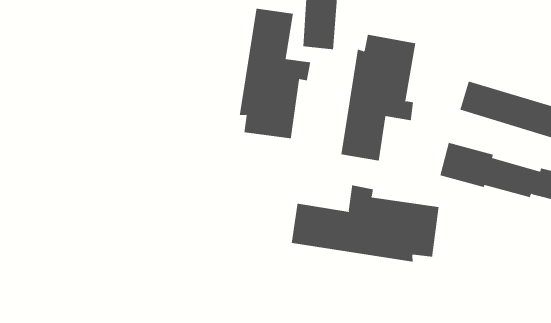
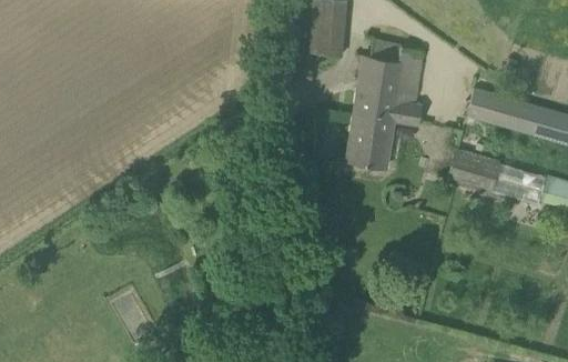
building: [239,8,311,139] -> none
building: [291,185,439,263] -> none

